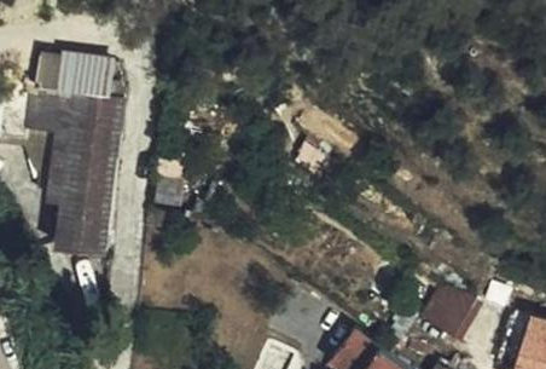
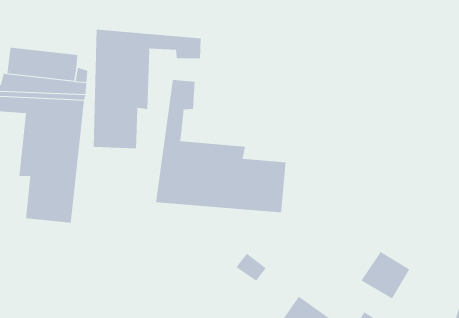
building: none -> [93,29,201,149]
building: none -> [155,79,286,213]

